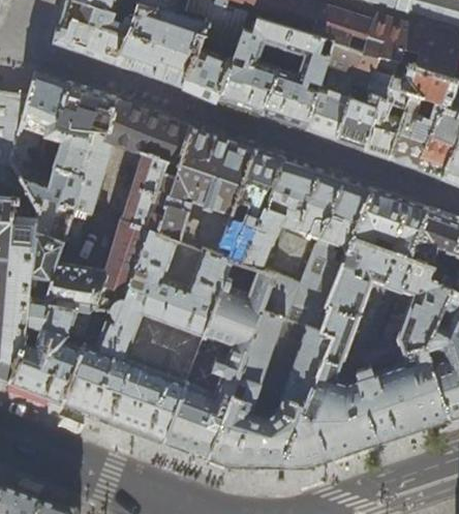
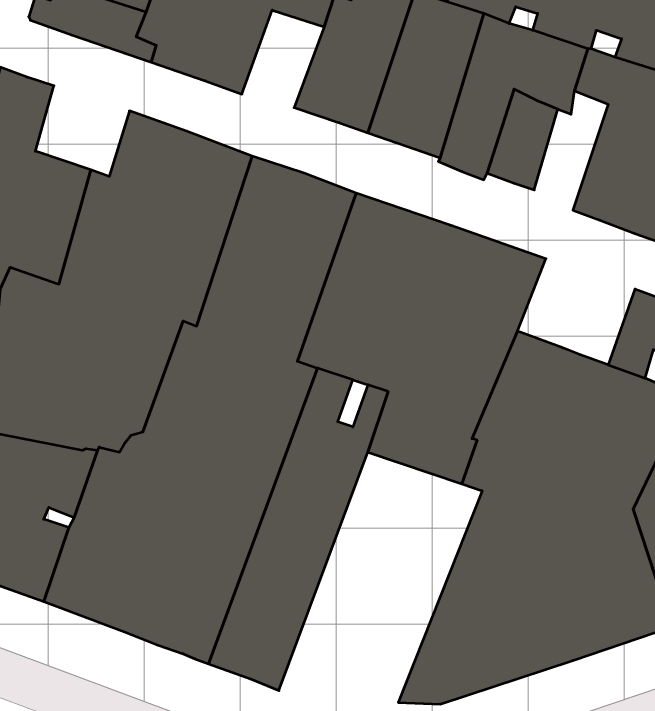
building: [184,39,235,102] -> none
building: [57,86,115,142] -> none
building: [364,89,409,162] -> none
building: [354,192,426,258] -> none
building: [207,311,332,465] -> none

